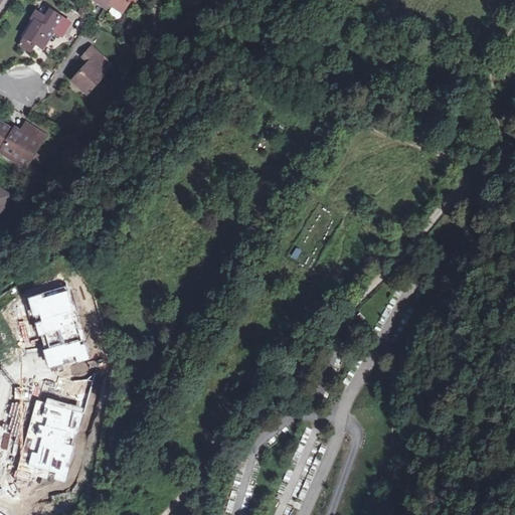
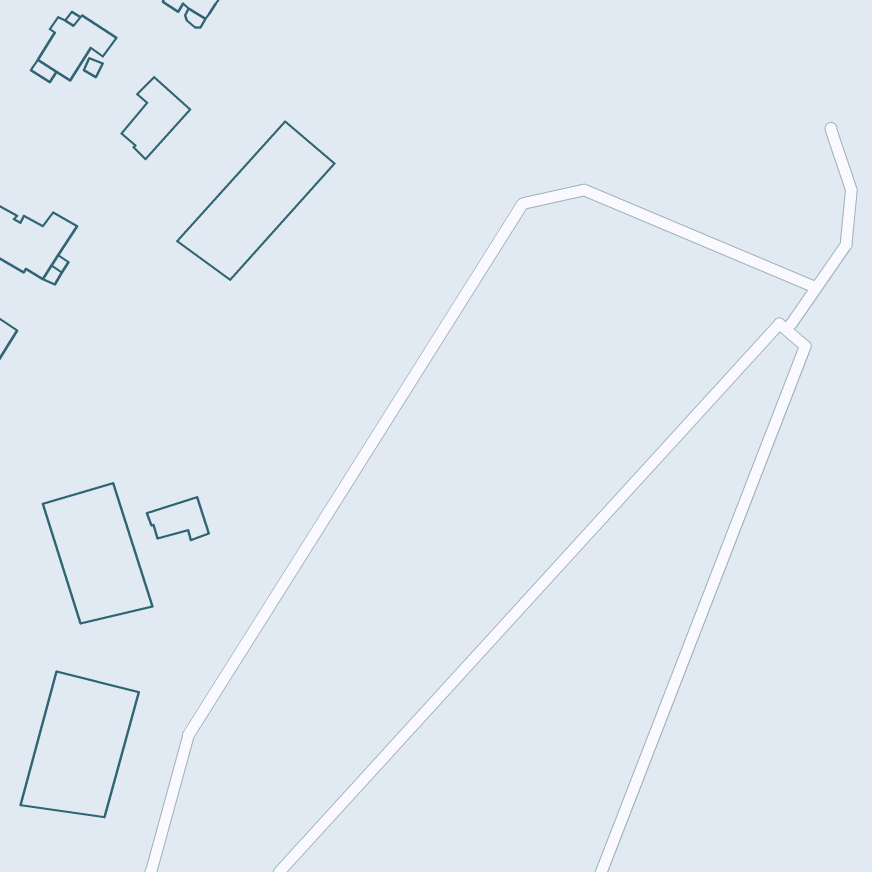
building: none -> [177,122,335,280]
building: none -> [147,497,209,540]

